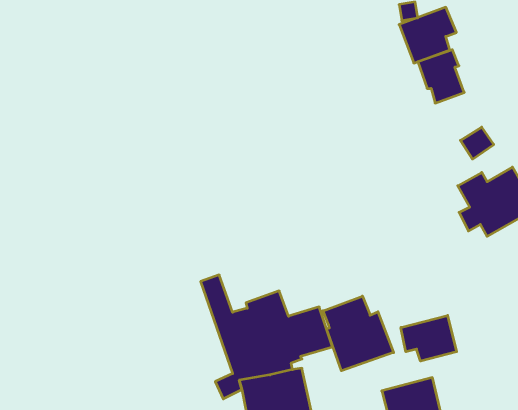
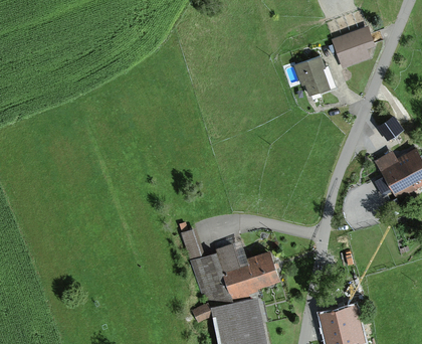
building: [418,50,464,103] -> [294,55,330,96]
building: [323,296,394,371] -> none
building: [401,315,457,361] -> none

